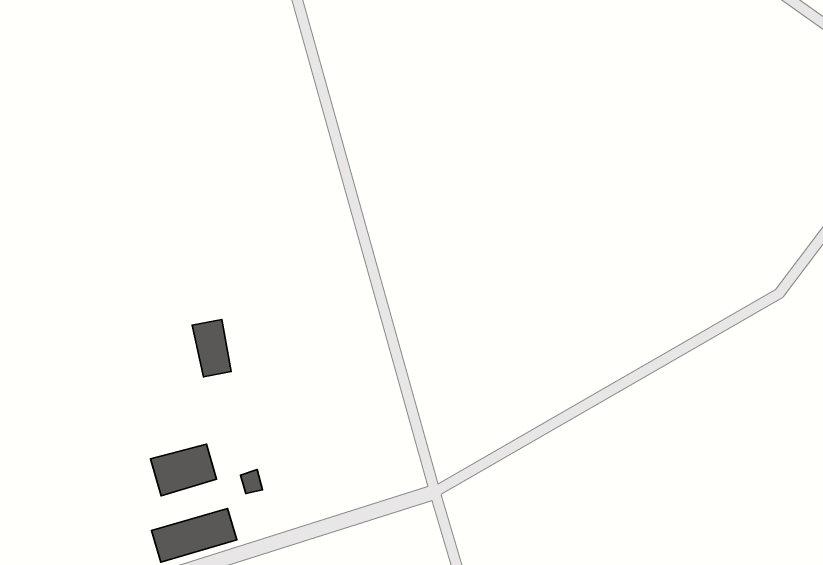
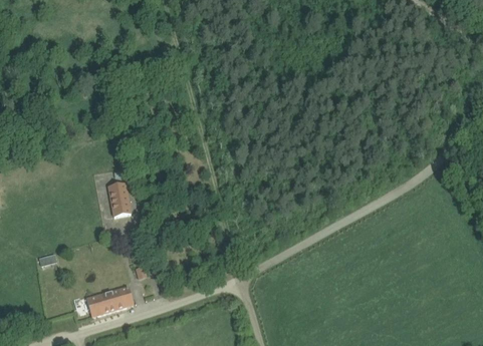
building: [150,444,216,496] -> none

